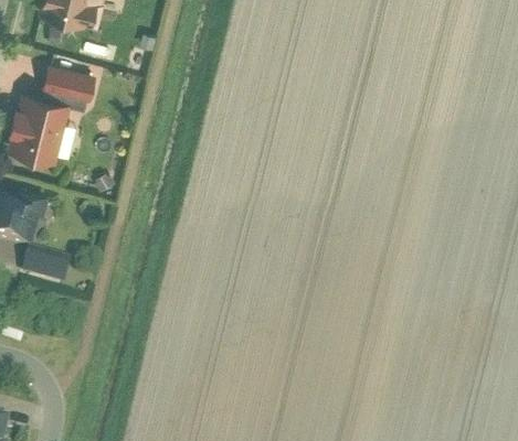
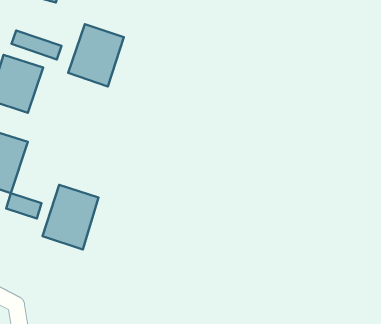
building: none -> [68,24,124,87]
building: none -> [42,185,99,249]

